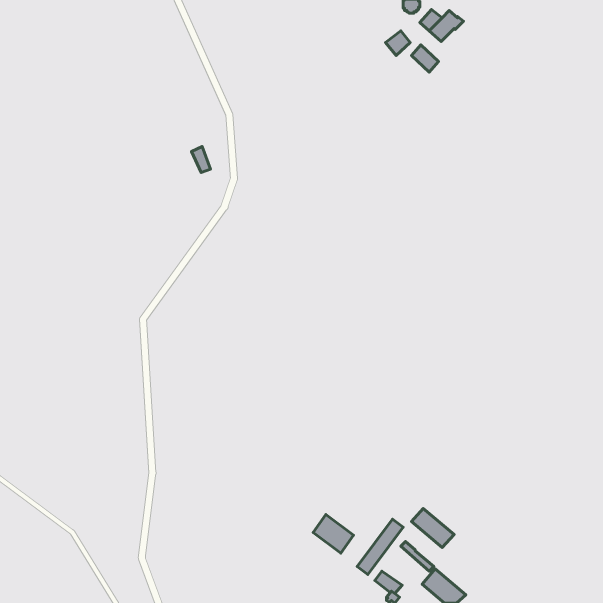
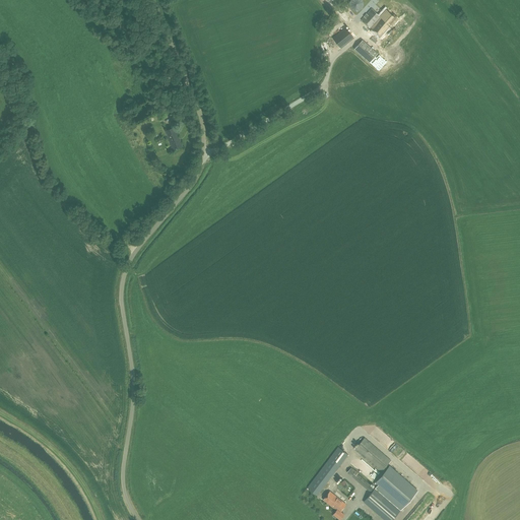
building: [313,514,354,553] -> none
building: none -> [374,465,417,511]

